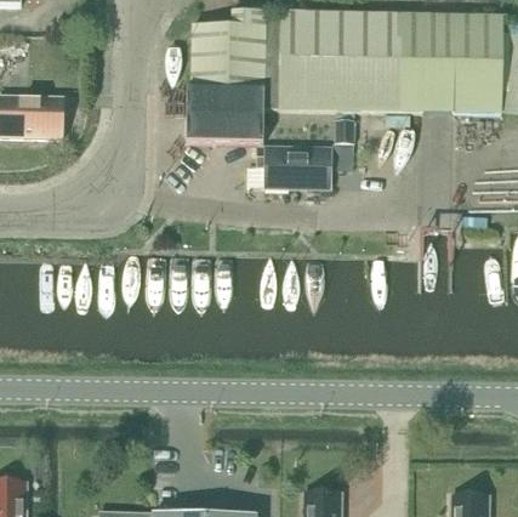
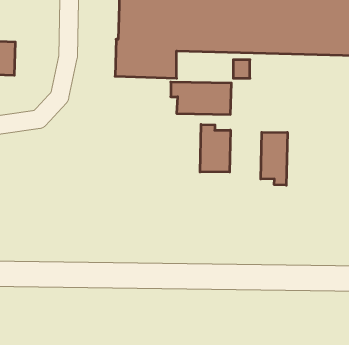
building: none -> [200,124,230,172]
building: none -> [261,132,287,185]

